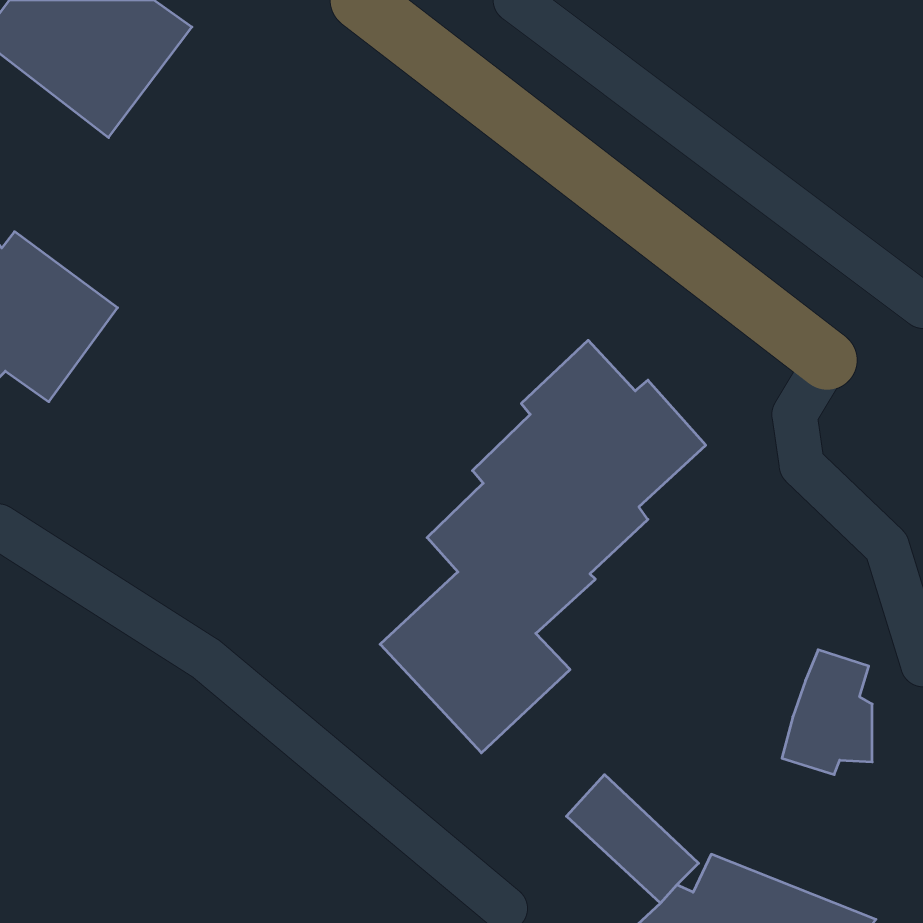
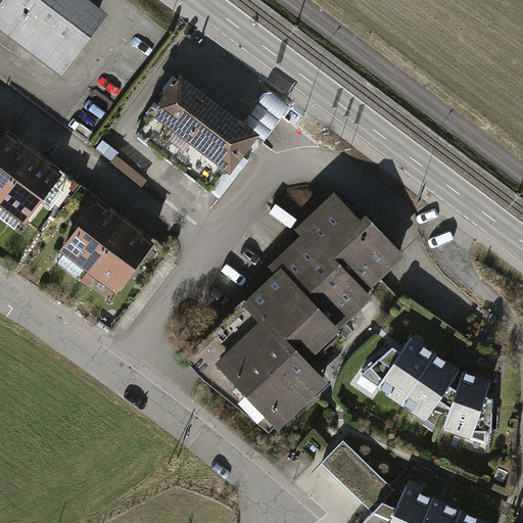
building: none -> [151,78,259,174]
building: none -> [60,203,157,297]
building: none -> [359,334,460,421]

